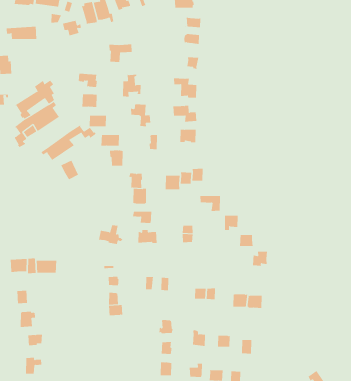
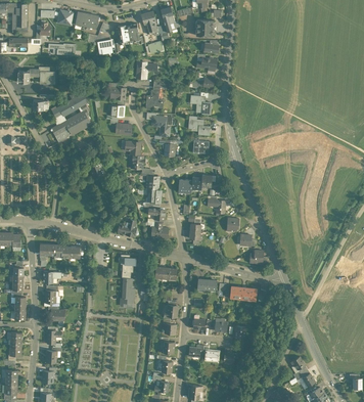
building: [40,125,96,161] -> none

